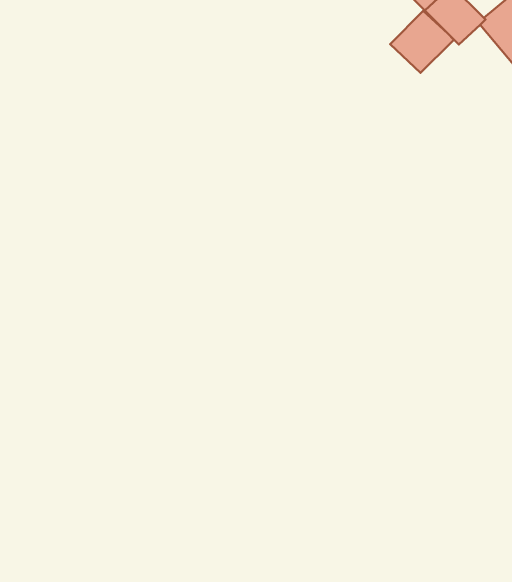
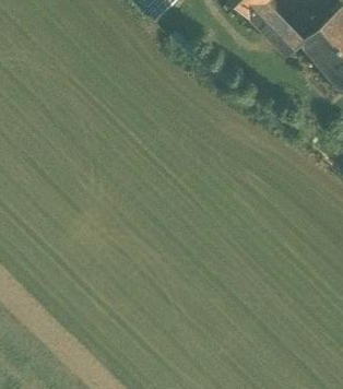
building: [390,11,454,73] -> none

